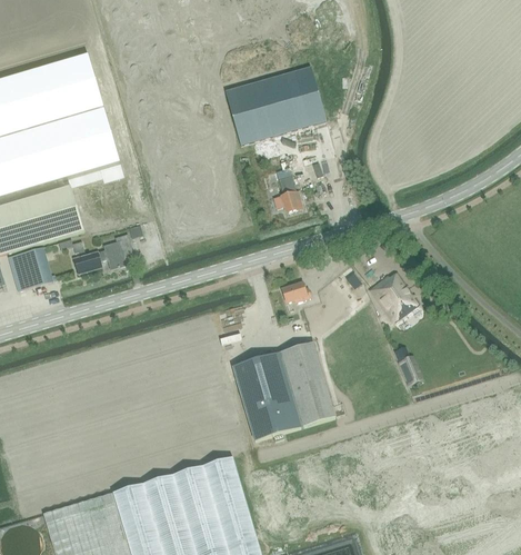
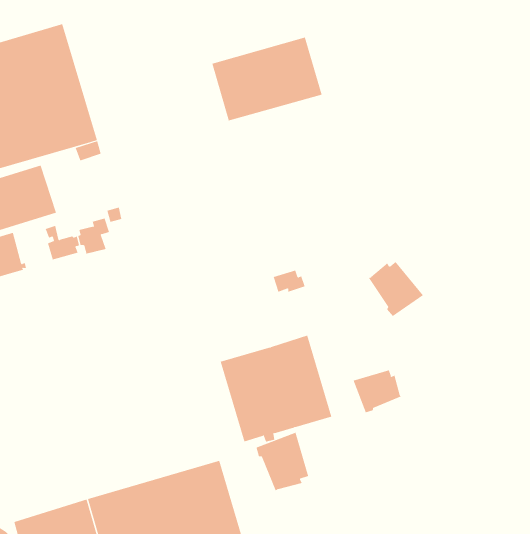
building: [278,176,302,212] -> none
building: none -> [353,369,401,413]
building: none -> [256,432,309,491]

